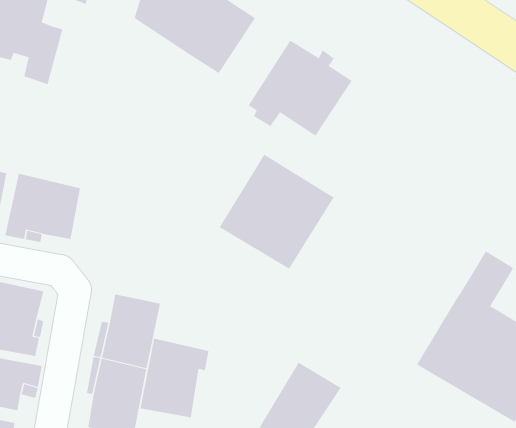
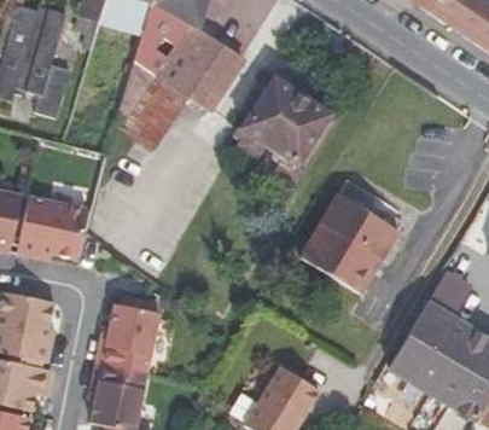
building: none -> [118,59,188,146]
building: [219,154,334,269] -> [299,191,402,294]
building: [140,338,209,418] -> none

